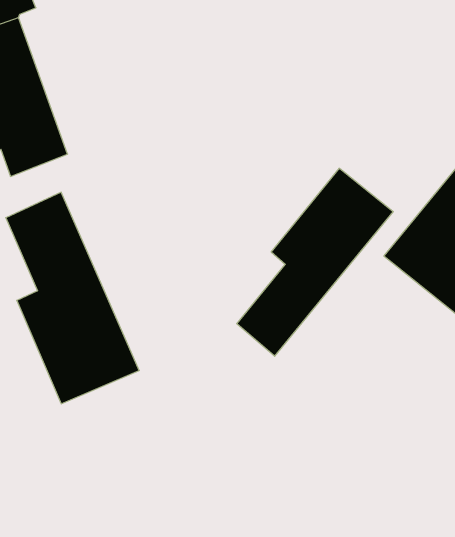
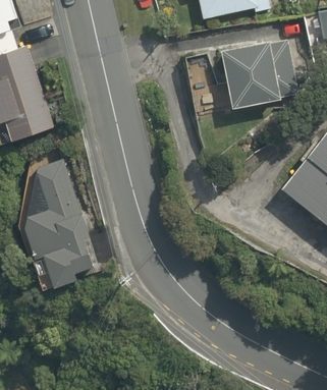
building: none -> [211,41,301,107]
building: [237,168,393,356] -> none

